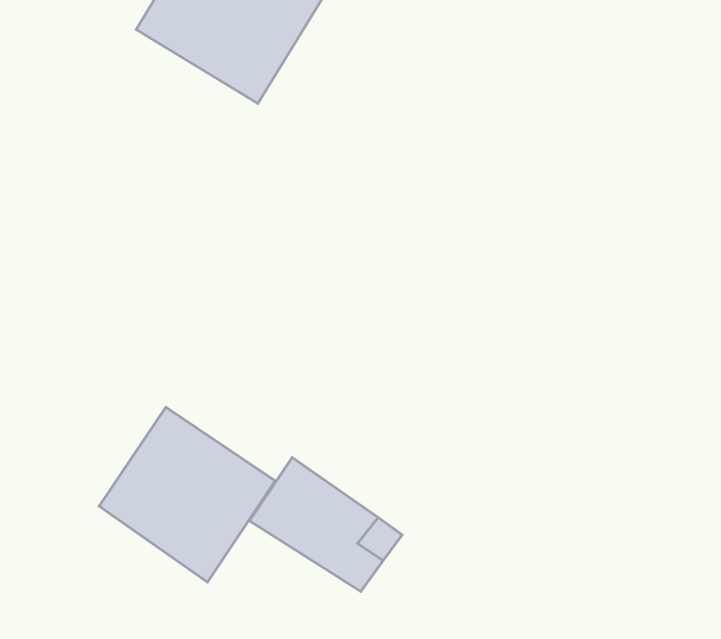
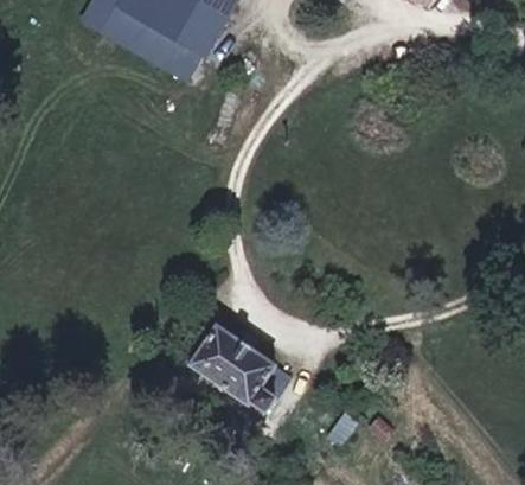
building: [99,407,275,582] -> none

